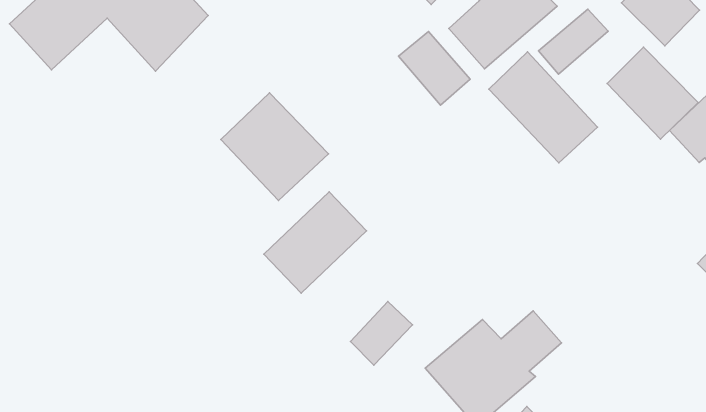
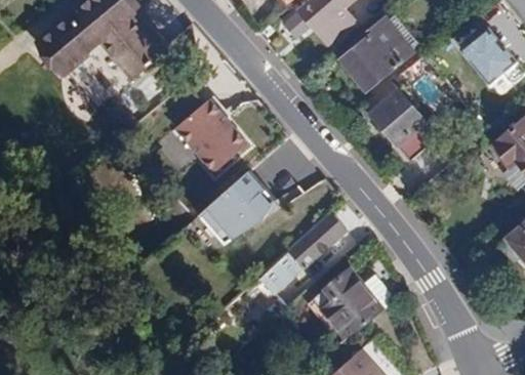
building: [539,9,608,74] -> none
building: [399,32,470,105] -> none
building: [607,47,698,139] -> none
building: none -> [285,211,349,268]

